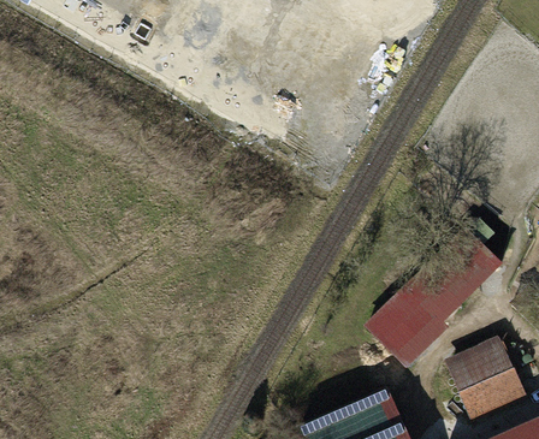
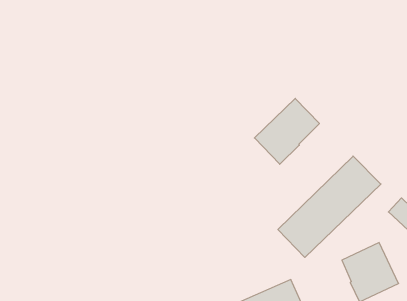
building: none -> [254,98,319,164]

